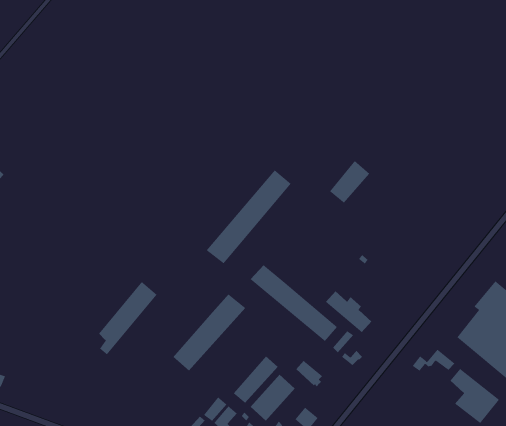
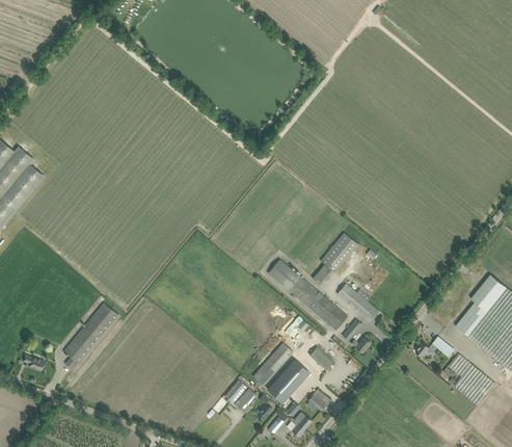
building: [329,160,370,204] -> [321,232,358,271]
building: [206,169,291,264] -> none
building: [98,281,157,355] -> [64,303,118,370]
building: [173,293,246,372] -> none

